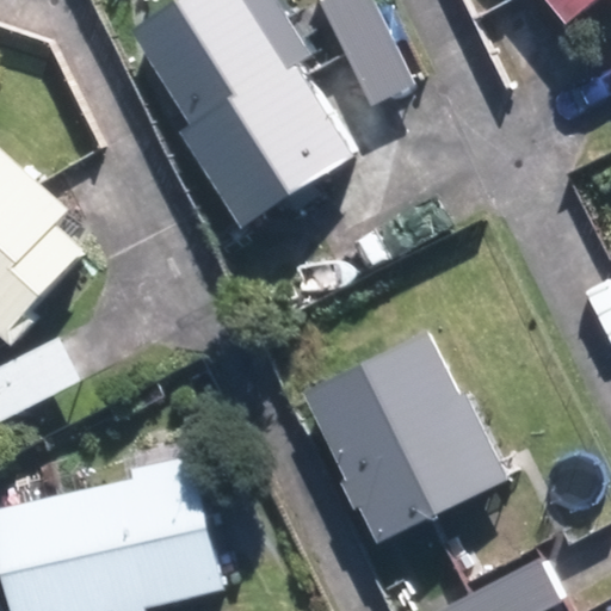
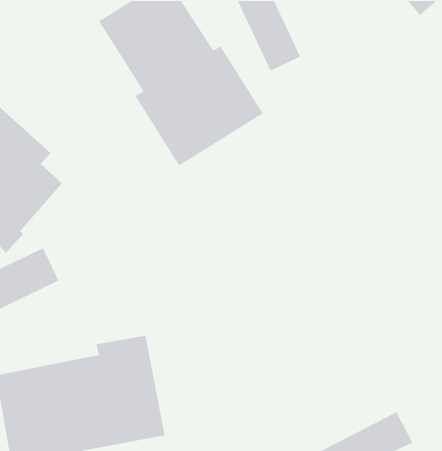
building: [301,333,508,544] -> none

